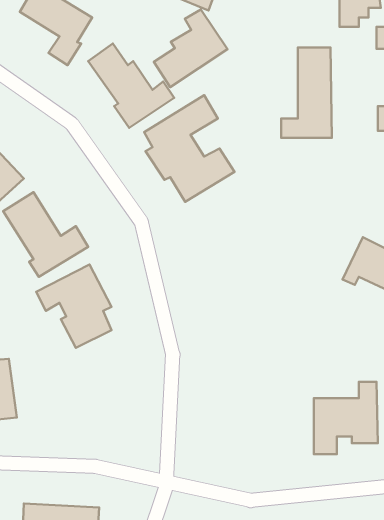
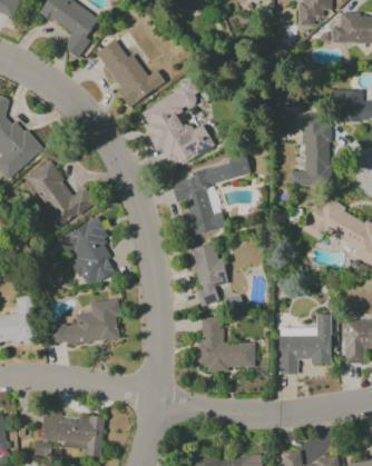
building: [154,9,227,87] -> none
building: [281,48,332,138] -> [291,113,332,187]
building: none -> [172,159,249,236]
building: none -> [190,244,228,308]
building: none -> [49,299,121,345]
building: none -> [199,317,255,373]

